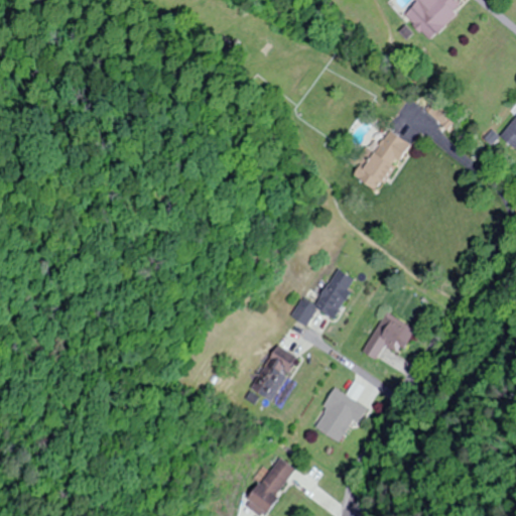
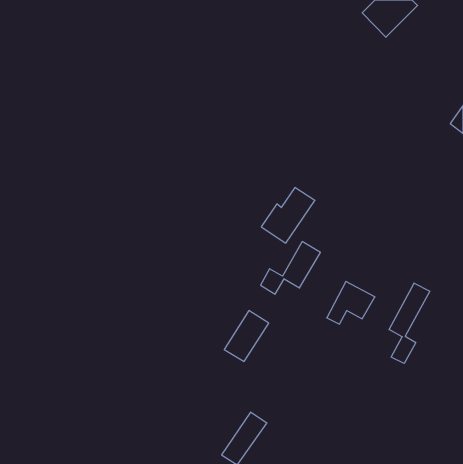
building: [351,130,410,191] -> [261,188,315,243]
building: none -> [389,283,430,363]
building: [313,389,369,441] -> none

